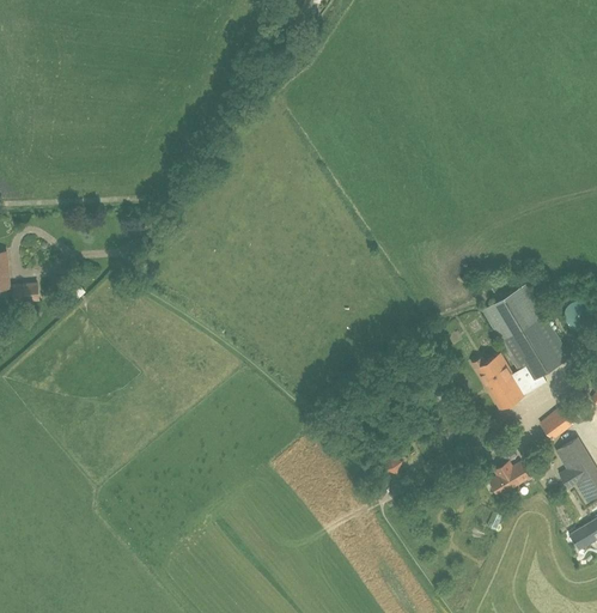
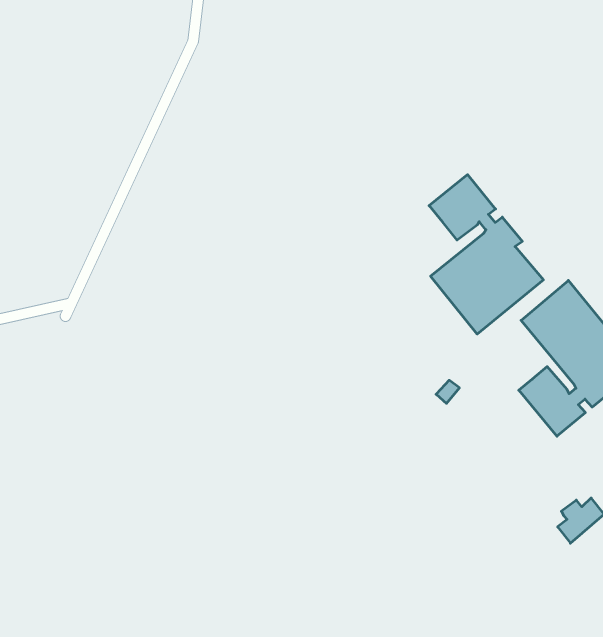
building: none -> [429,175,543,334]

